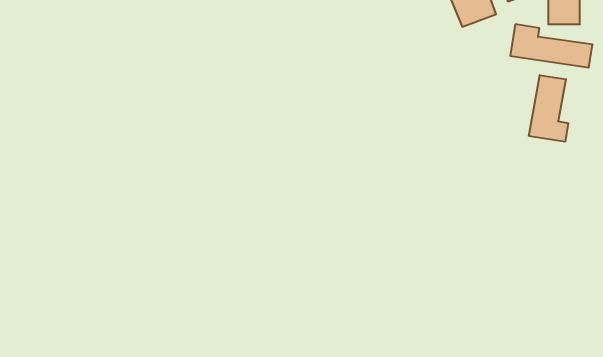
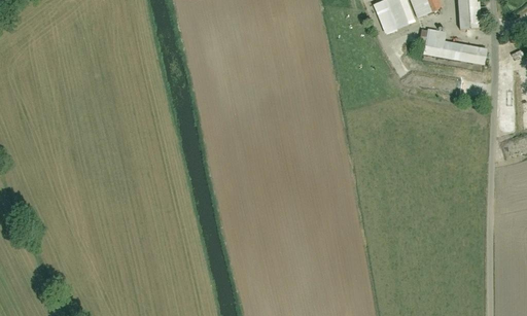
building: [529,75,568,142] -> none

